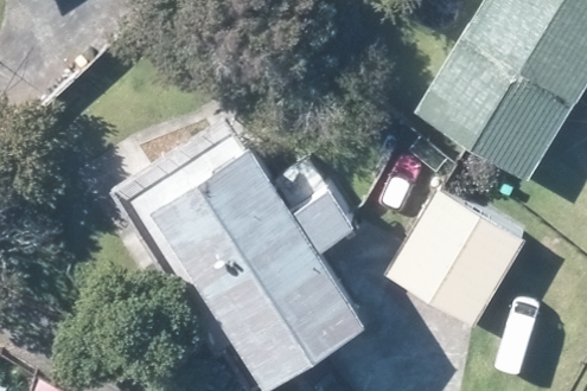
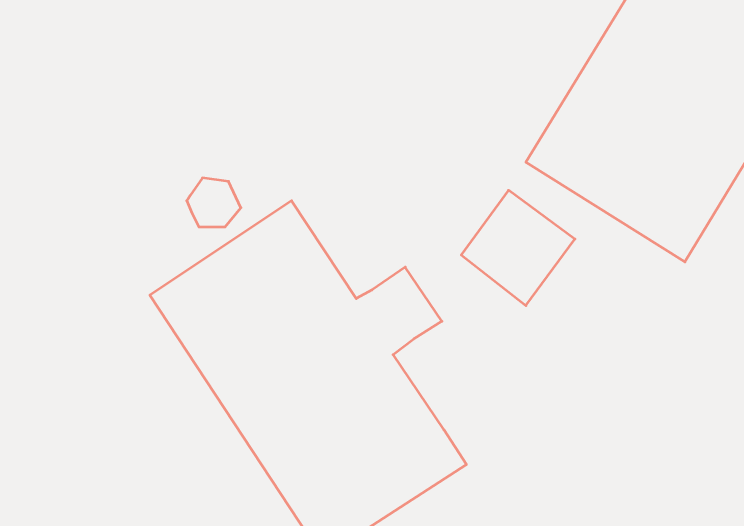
building: [384,194,523,329] -> none

